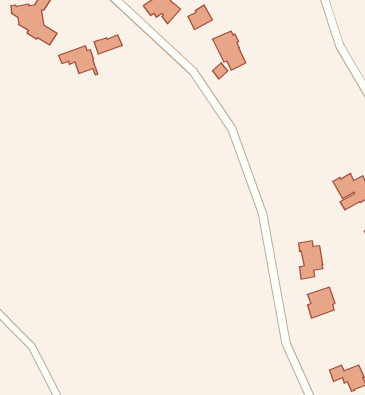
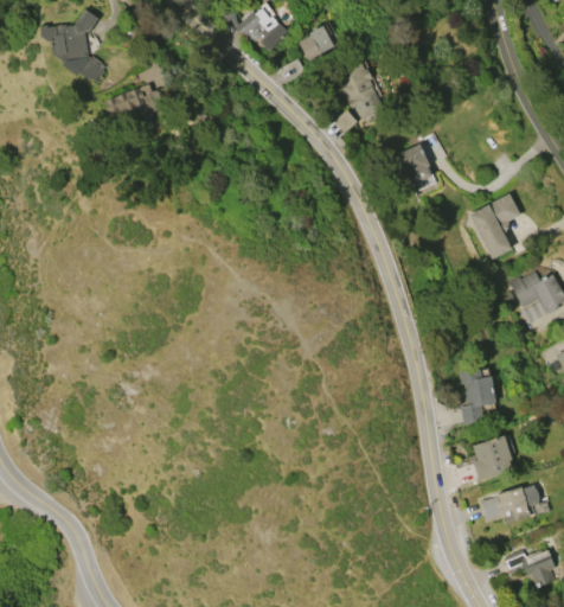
building: [94,35,122,54] -> none
building: none -> [389,143,431,185]
building: none -> [470,194,521,260]
building: none -> [481,487,530,524]

